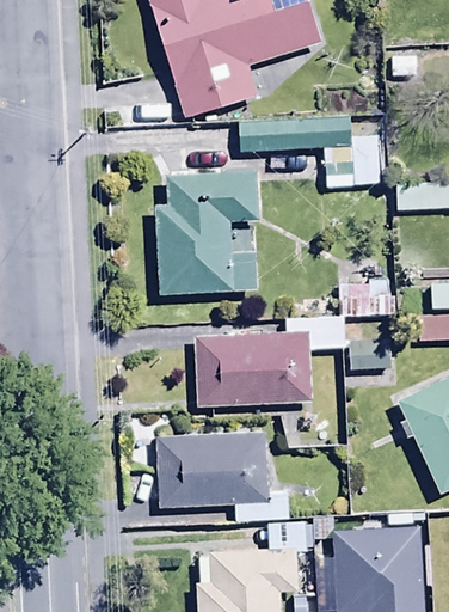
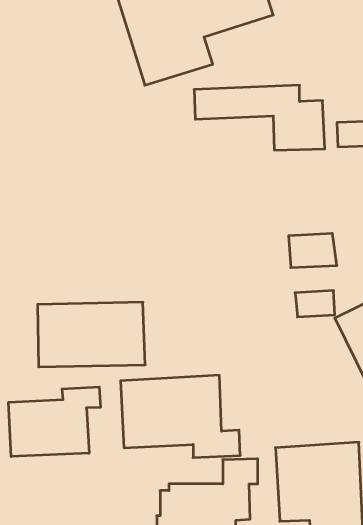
building: [156,180,264,301] -> none
building: [193,318,310,388] -> [38,302,145,367]
building: none -> [9,387,100,457]

